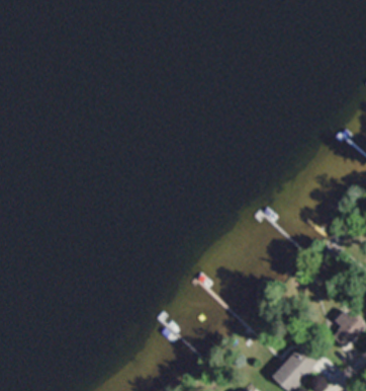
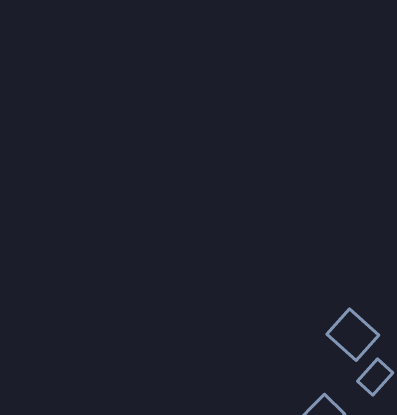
building: none -> [327,309,379,361]

